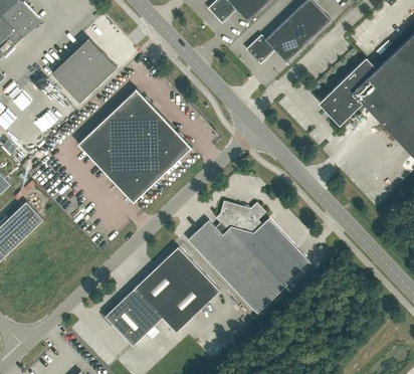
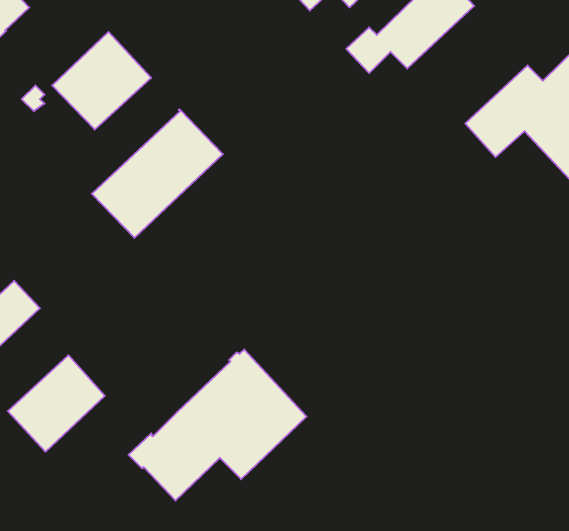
building: [107,118,193,202] -> none
building: [188,201,310,313] -> none
building: none -> [8,355,105,452]

